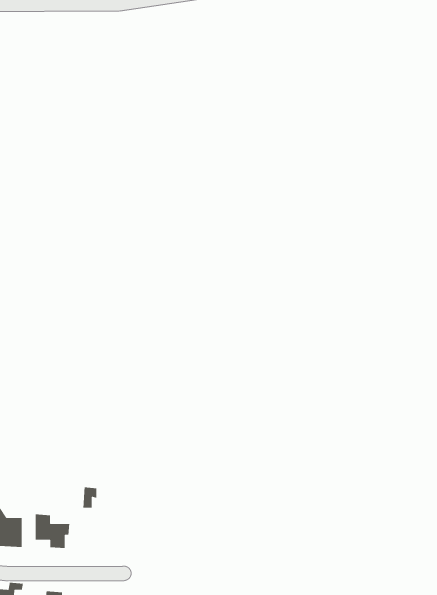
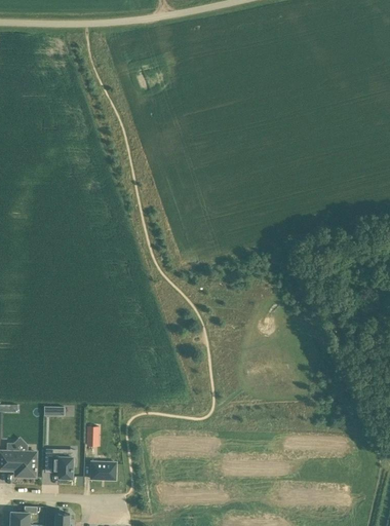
building: none -> [89,462,115,480]

